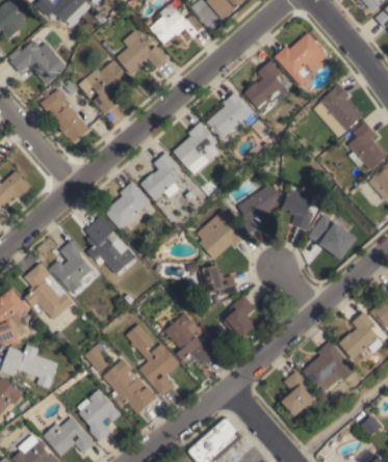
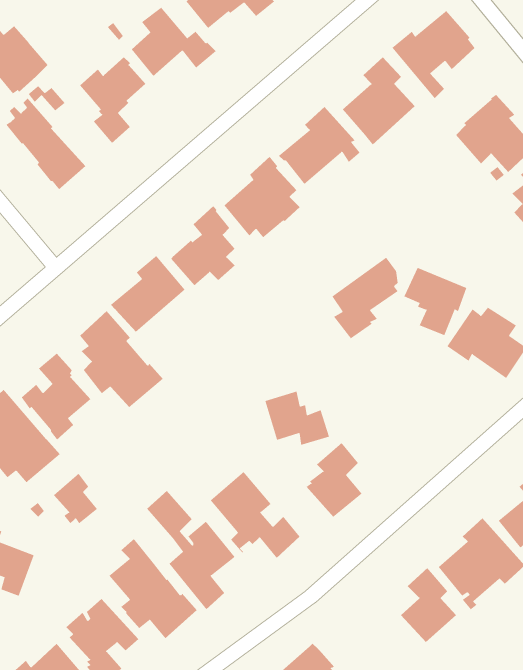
building: [197,210,247,260] -> none
building: [84,342,111,373] -> [53,473,98,524]

